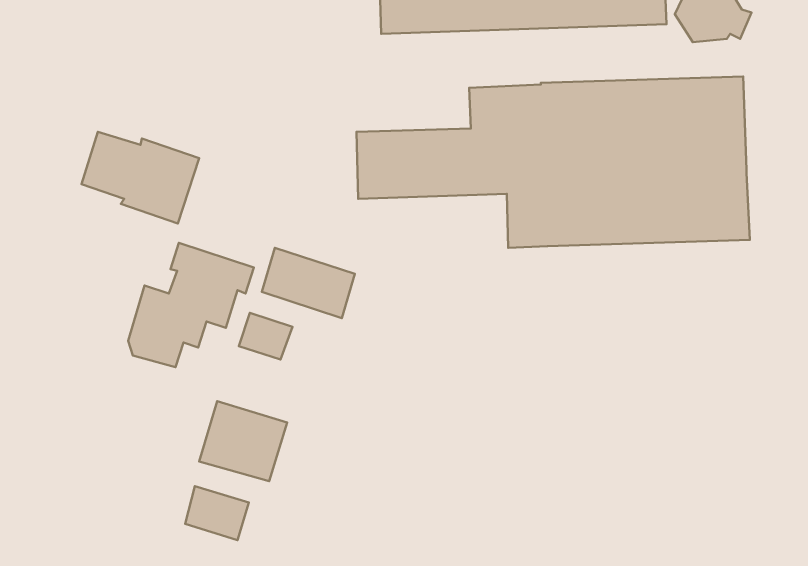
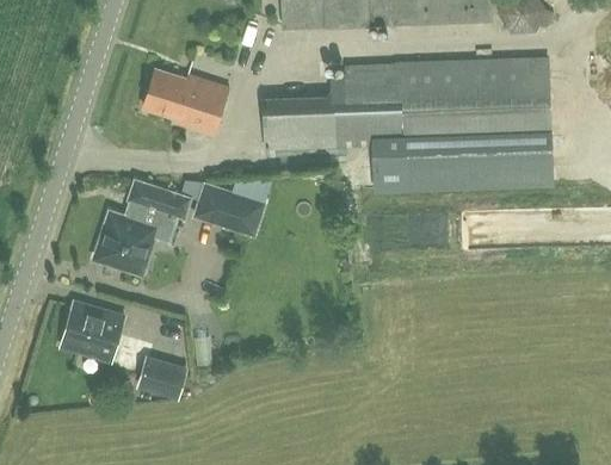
building: [82,132,199,223] -> [142,70,228,137]
building: [239,313,293,359] -> none
building: [199,401,287,481] -> [60,303,124,361]

